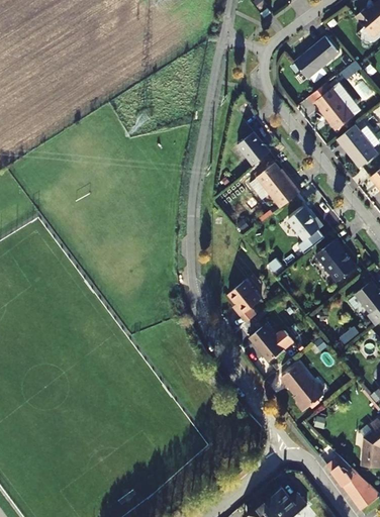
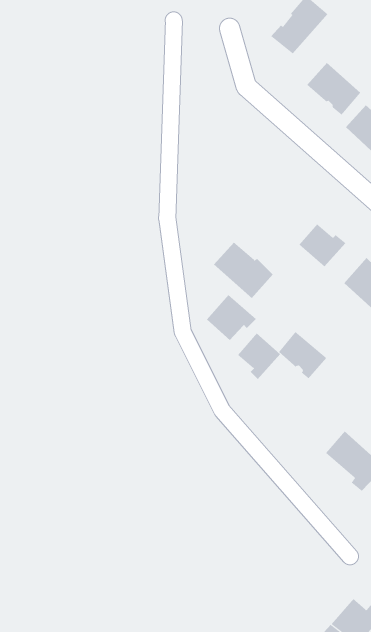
building: [238,132,271,166] -> none
building: [257,164,300,208] -> [213,242,274,299]
building: none -> [206,294,257,341]
building: [250,324,285,361] -> [278,331,327,379]

